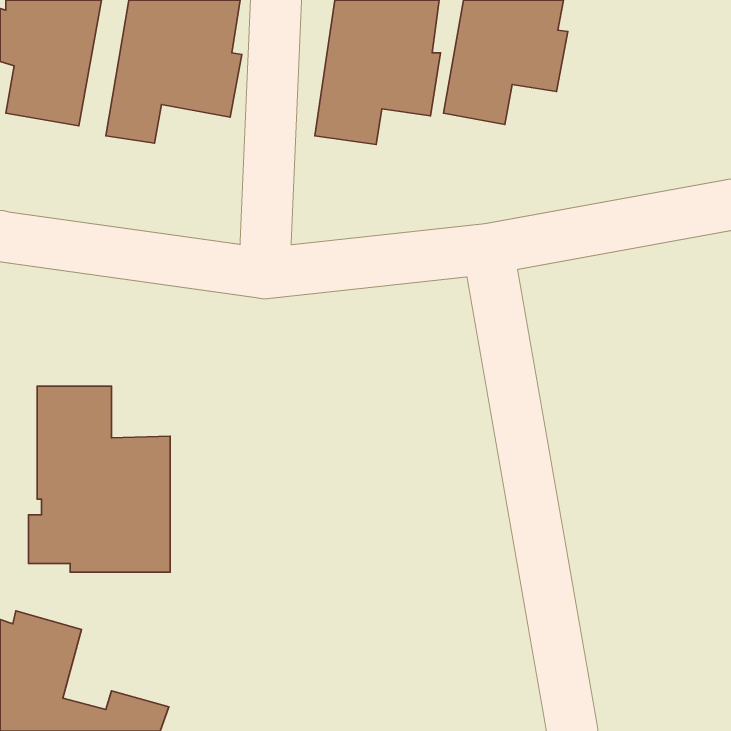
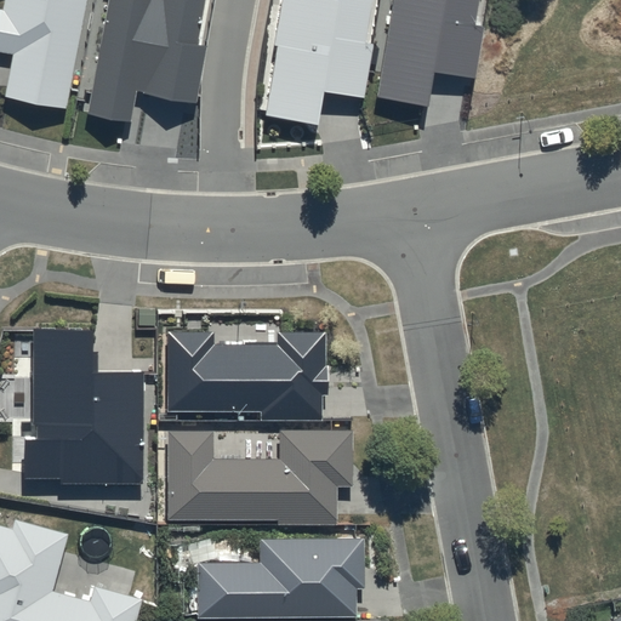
building: none -> [165,330,325,420]
building: none -> [164,428,351,530]
building: none -> [194,539,361,615]

